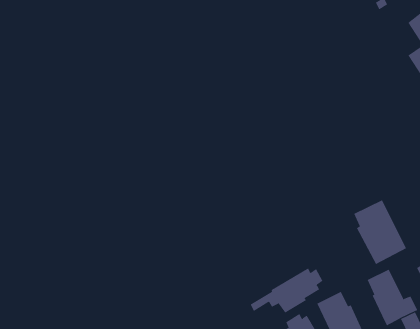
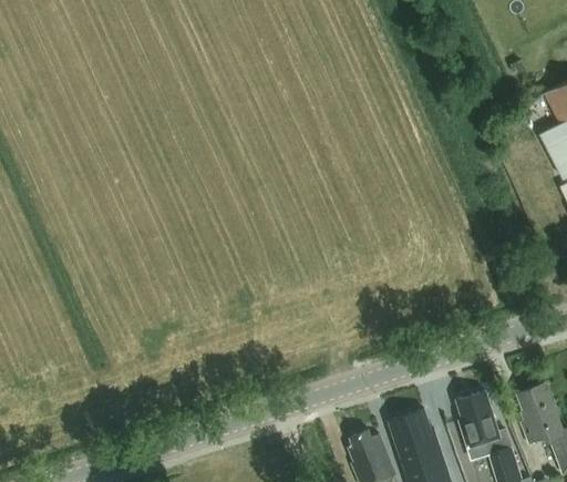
building: [353,200,407,265] -> none
building: [250,267,323,314] -> none

